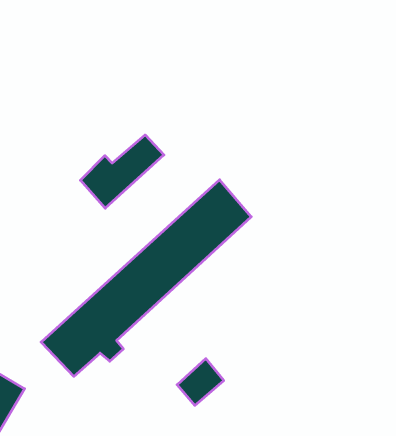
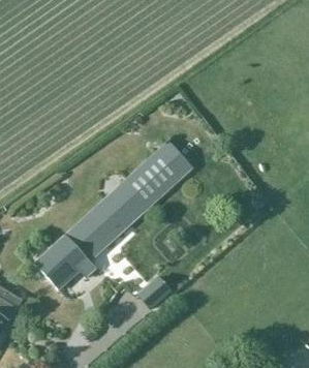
building: [80,135,164,208] -> none

